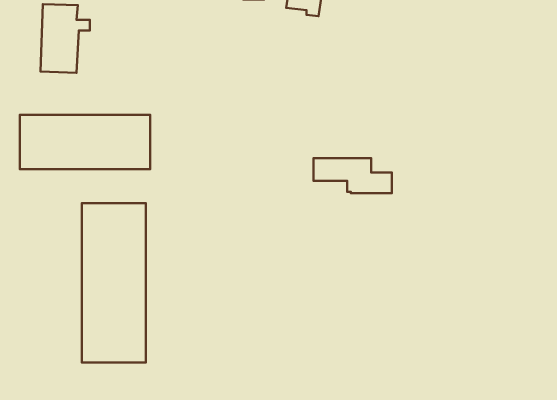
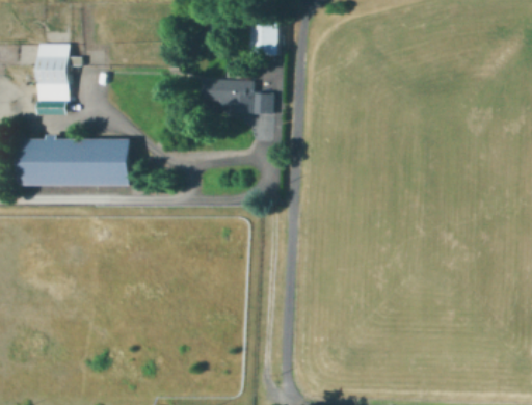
building: [313,158,392,193] -> [202,81,269,111]
building: [82,203,146,363] -> none

